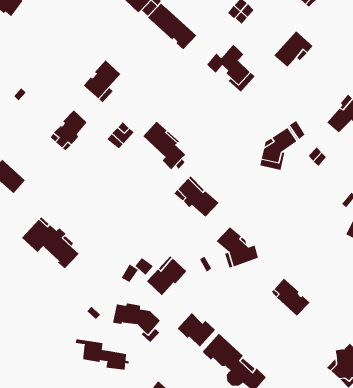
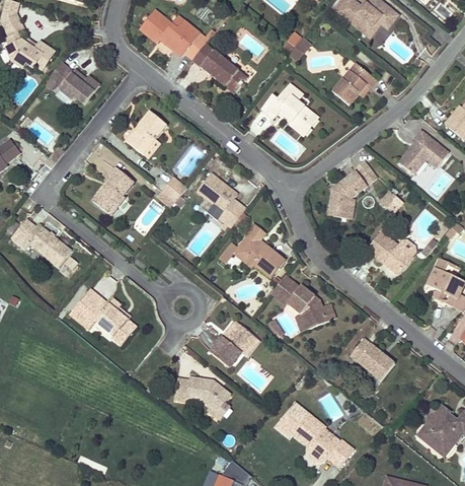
building: none -> [49,62,99,103]
building: none -> [367,230,414,275]
building: none -> [272,274,299,302]
building: [177,312,216,347] -> none
building: [75,338,129,371] -> none

